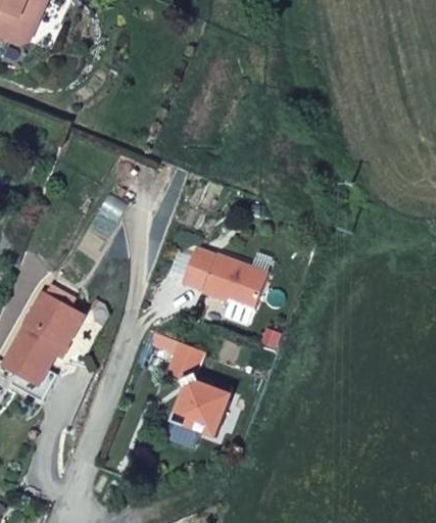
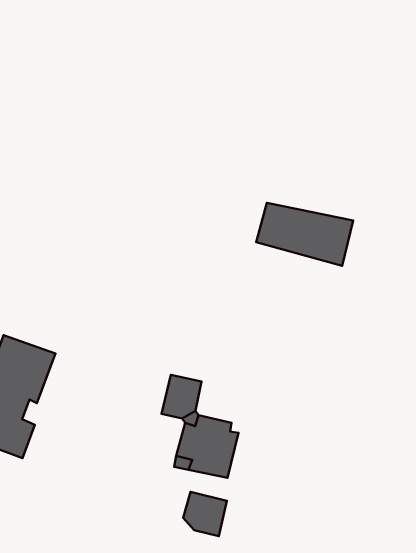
building: [182,245,268,307] -> [256,203,353,266]
building: none -> [183,492,227,536]

